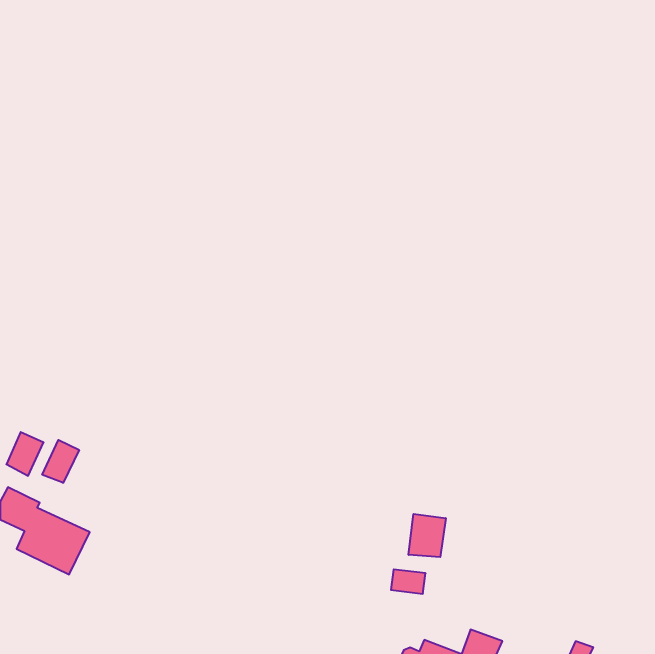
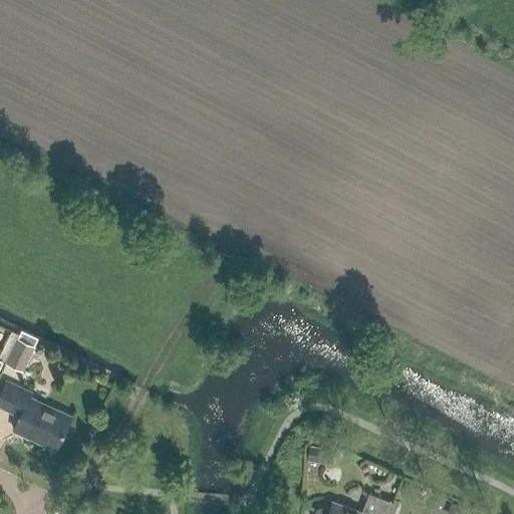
building: [42,440,79,483] -> none
building: [409,514,446,557] -> none

